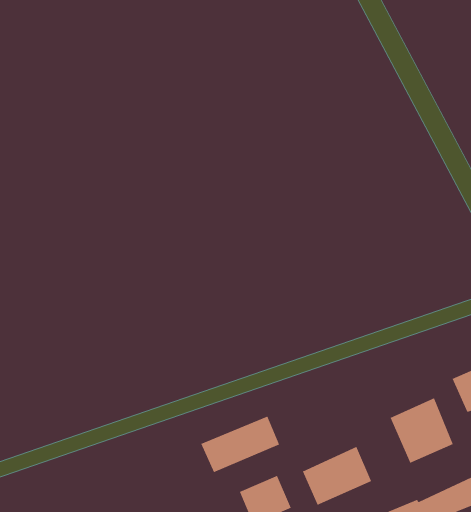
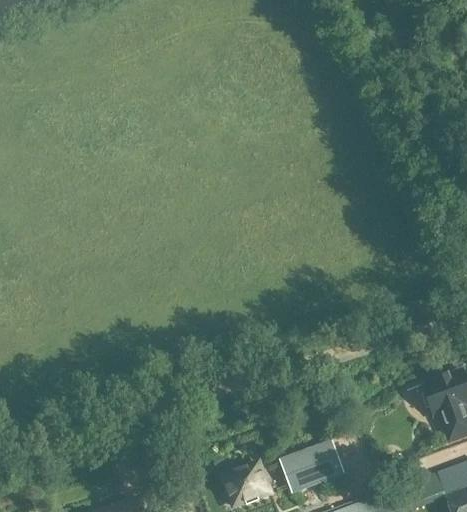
building: [389,397,454,464] -> none
building: [200,416,280,473] -> none

